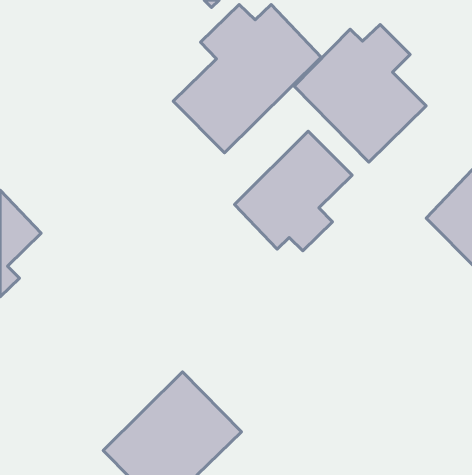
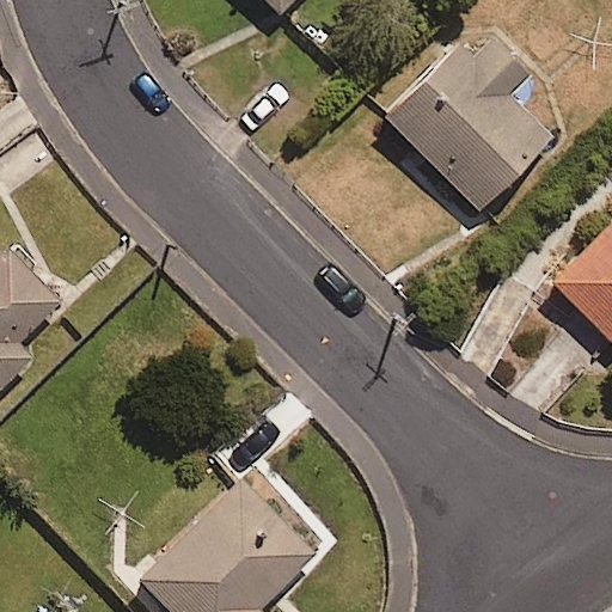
building: [173,5,321,153] -> none
building: [234,131,352,251] -> none

